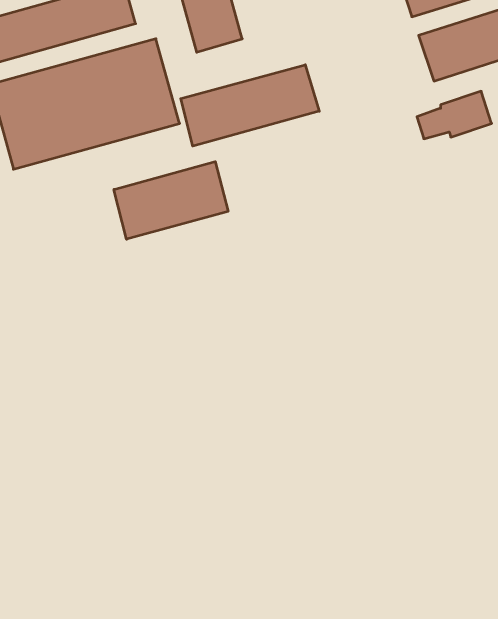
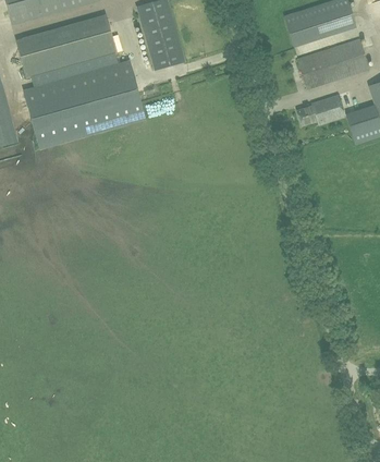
building: [181,65,319,146] -> none
building: [114,162,228,239] -> none

